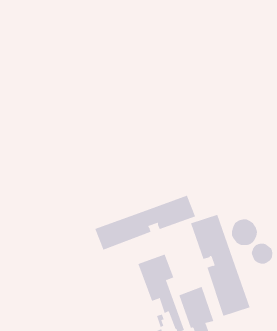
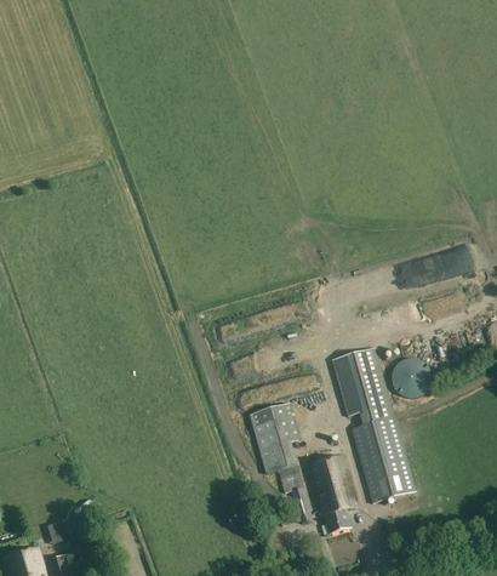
building: [94,195,196,250] -> none
building: [251,243,273,264] -> none

